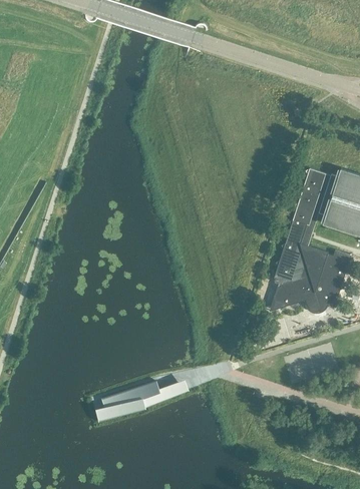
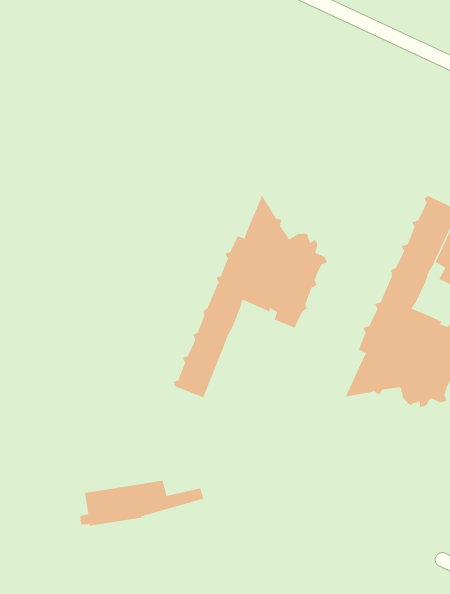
building: none -> [173,194,327,398]

